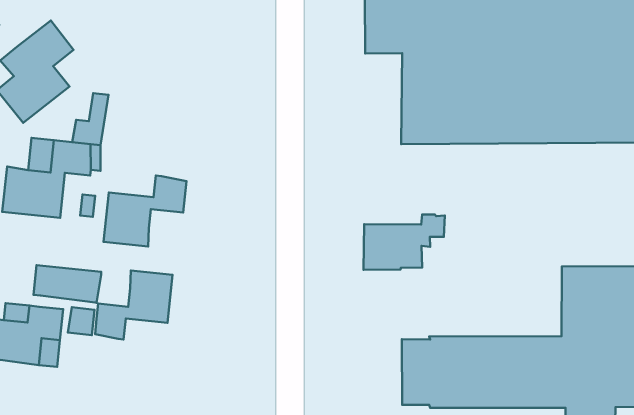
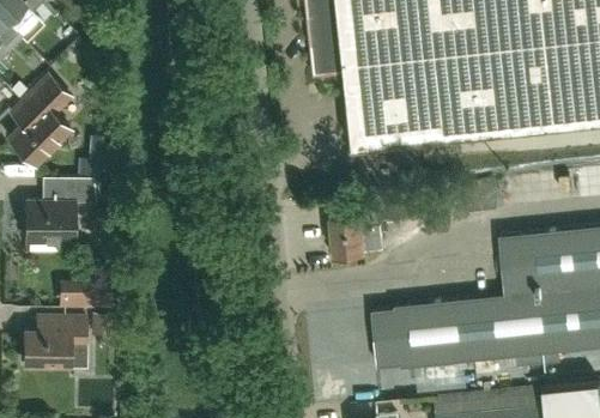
building: [104,176,186,246] -> none
building: [95,270,173,339] -> none

